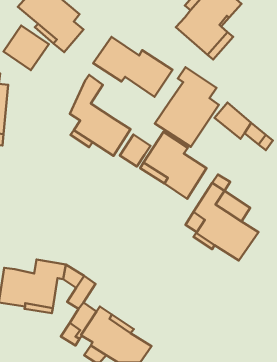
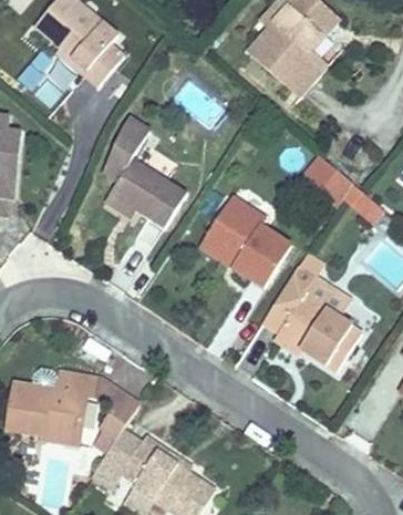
building: [93,37,172,97] -> none
building: [155,67,219,147] -> none
building: [120,135,150,167] -> none

